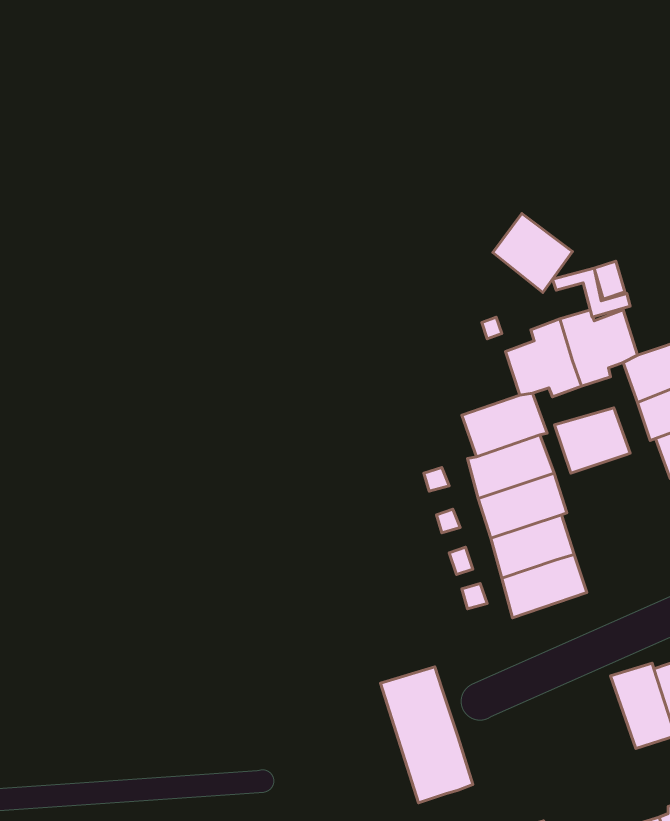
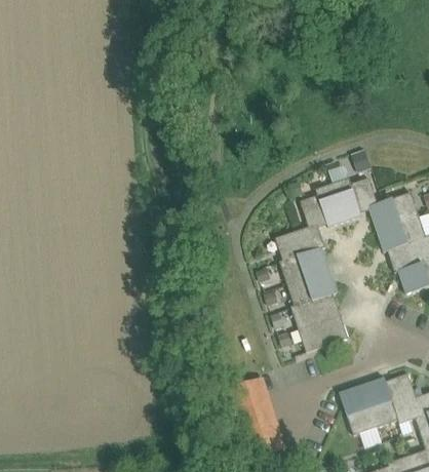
building: [493,214,573,292] -> none
building: [555,408,630,473] -> none
building: none -> [339,386,376,433]

